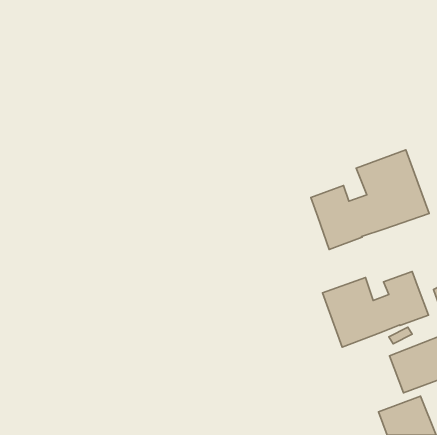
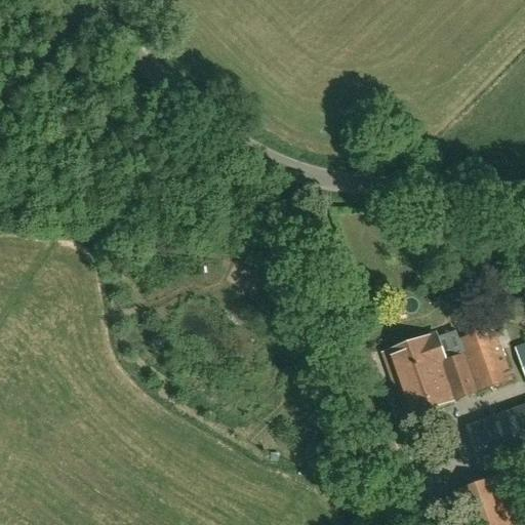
building: [311,150,429,249] -> none

